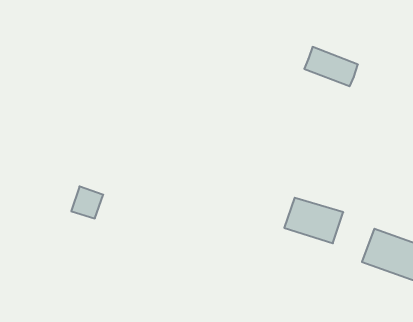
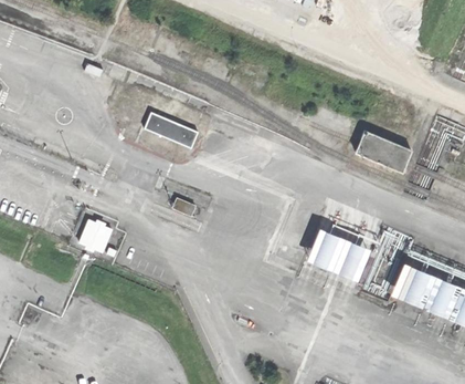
building: [304,47,358,86] -> [357,132,414,174]
building: none -> [147,113,200,149]

